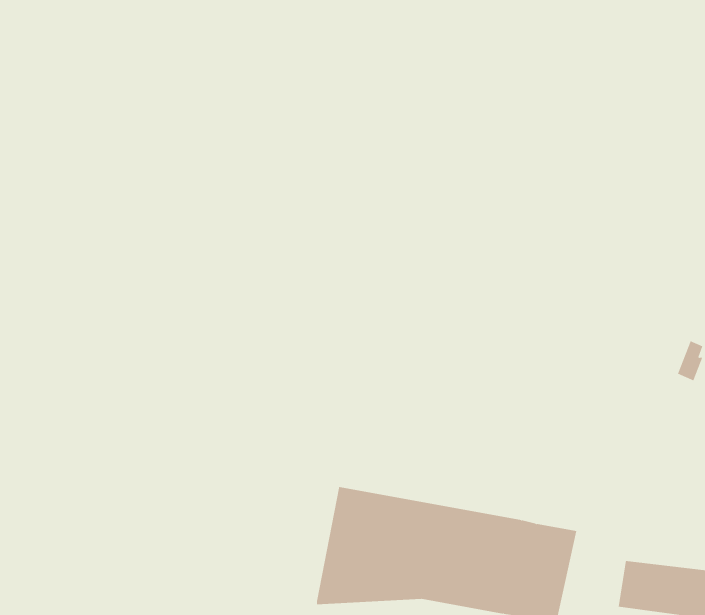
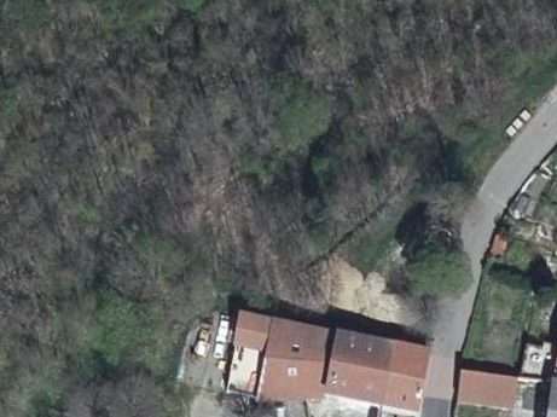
building: none -> [226,313,273,394]

